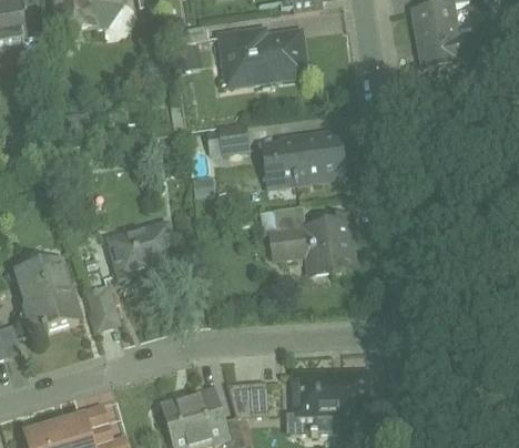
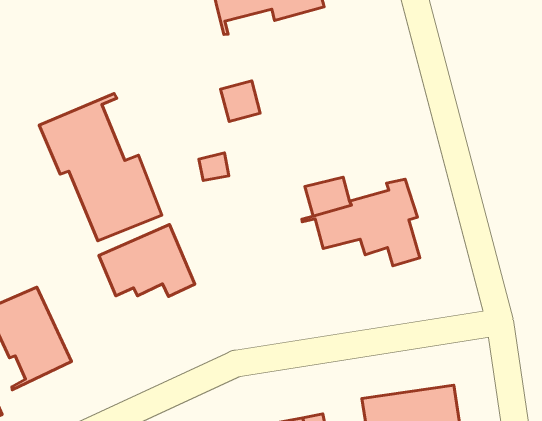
building: none -> [39,93,162,241]
building: [260,131,344,185] -> none
building: [86,285,116,326] -> none

